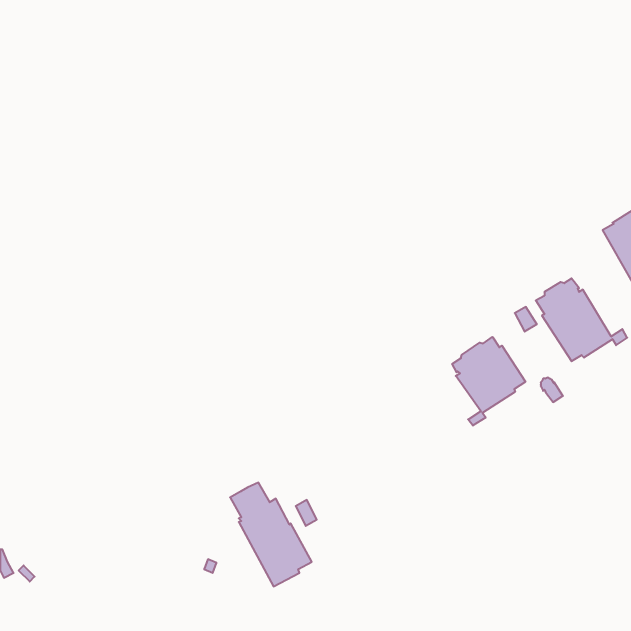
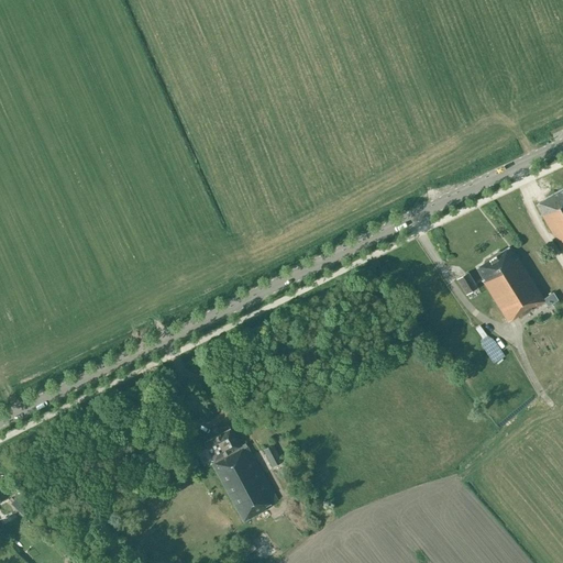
building: [452,337,525,426] -> none

